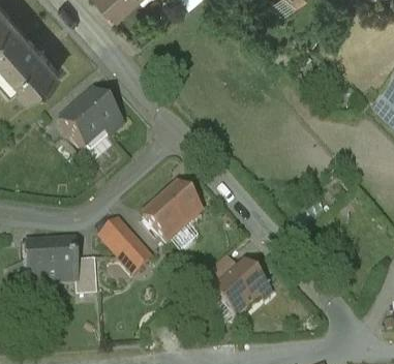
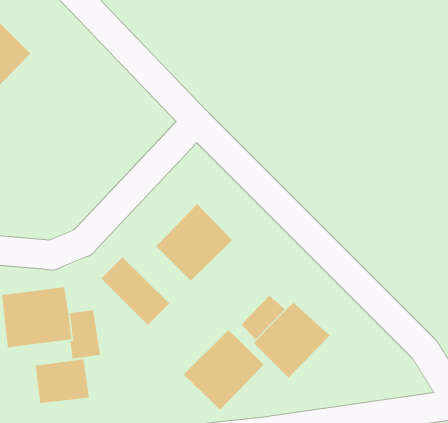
building: [60,94,123,152] -> none
building: none -> [183,330,264,411]
building: none -> [35,359,90,404]

